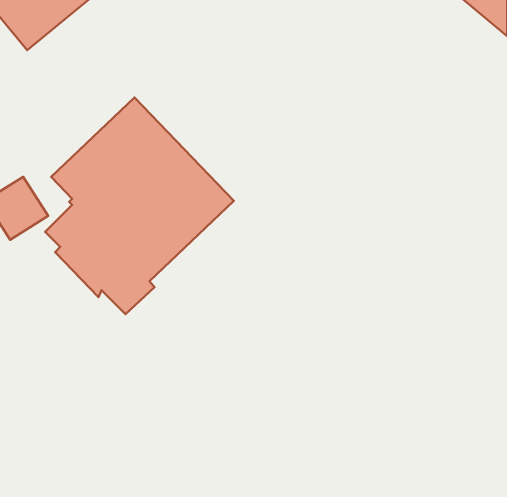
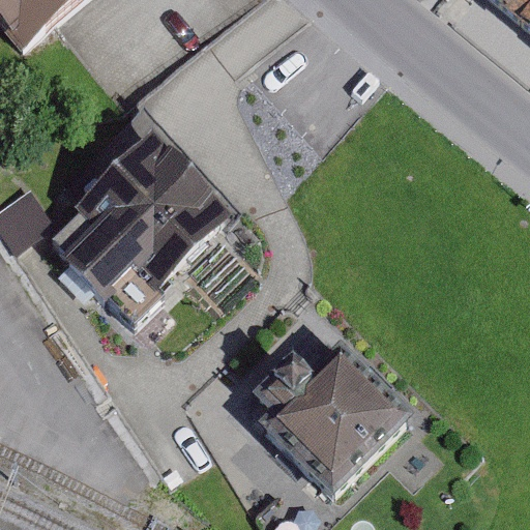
building: none -> [248,344,411,501]

